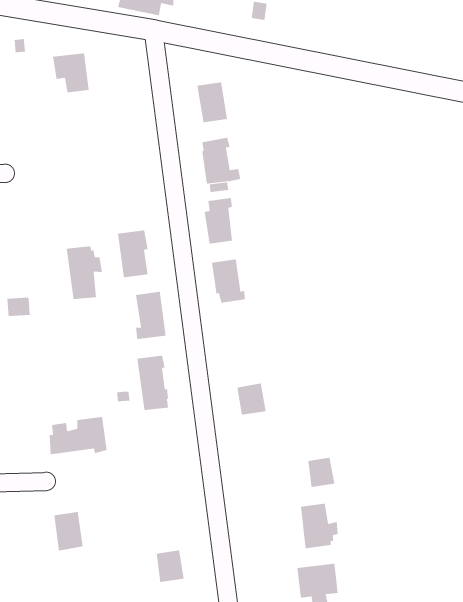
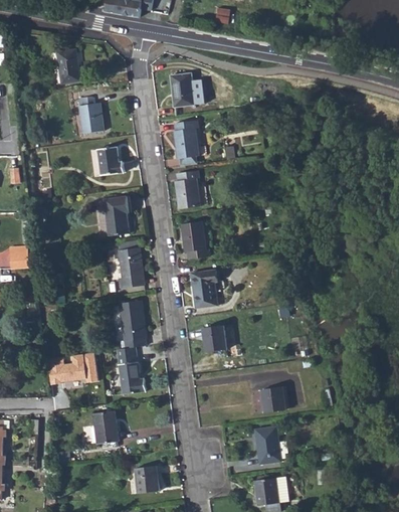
building: none -> [78,97,105,133]
building: none -> [98,147,125,175]
building: [66,246,102,300] -> none
building: none -> [191,269,219,307]
building: none -> [118,346,147,392]
building: [53,512,83,551] -> [94,409,120,443]

